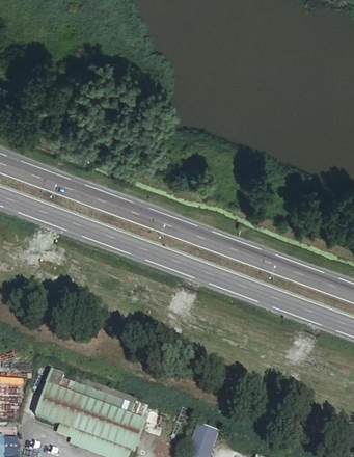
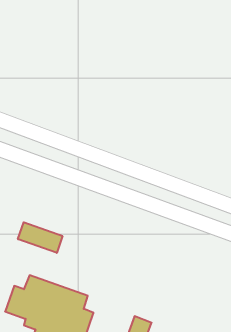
building: none -> [18,222,62,253]

